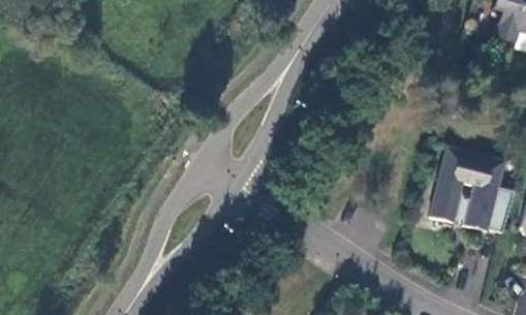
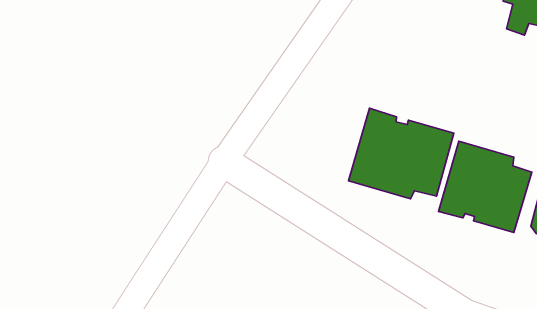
building: none -> [348,108,454,199]

